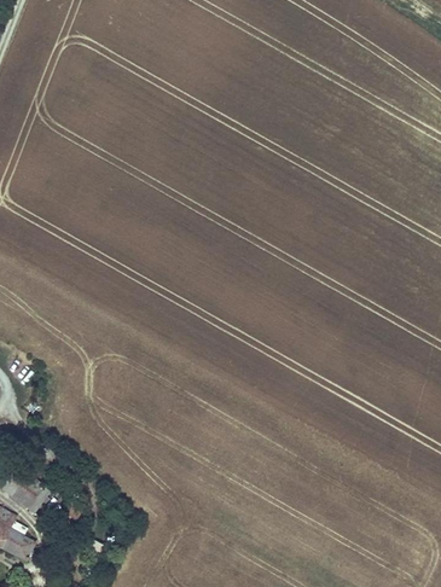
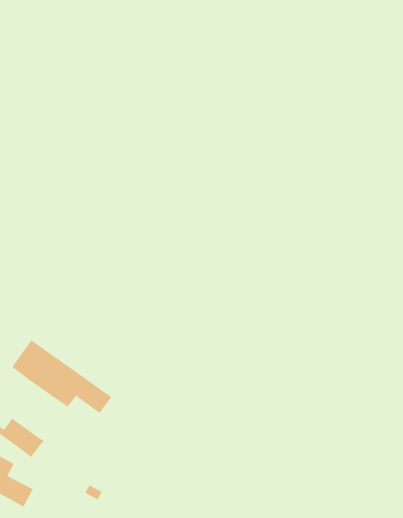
building: none -> [11,340,112,414]

